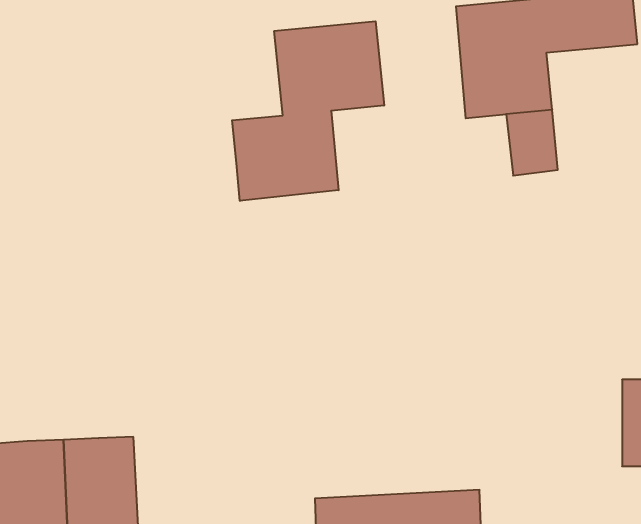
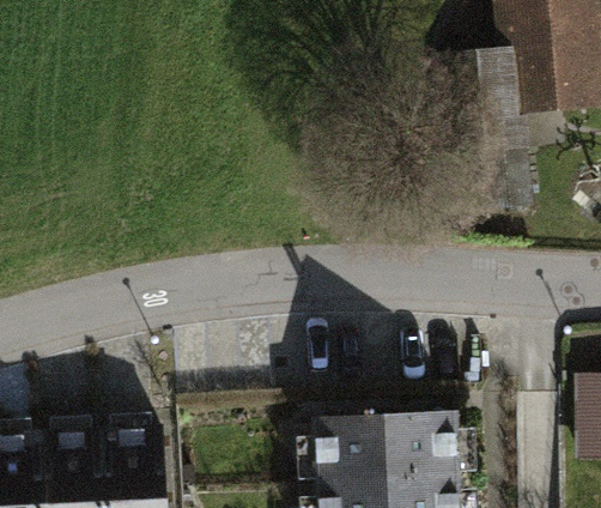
building: [232,21,384,201] -> none
building: none -> [315,412,460,480]

